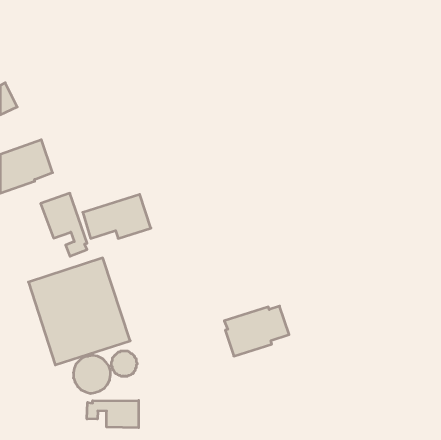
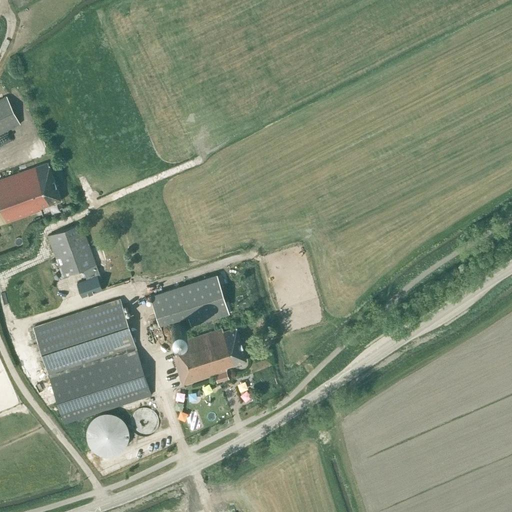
building: [83,194,151,238] -> [150,275,229,326]
building: [224,306,289,356] -> [171,328,246,386]
building: [87,400,139,428] -> none

